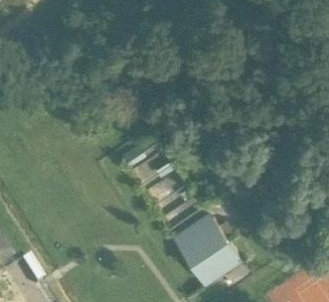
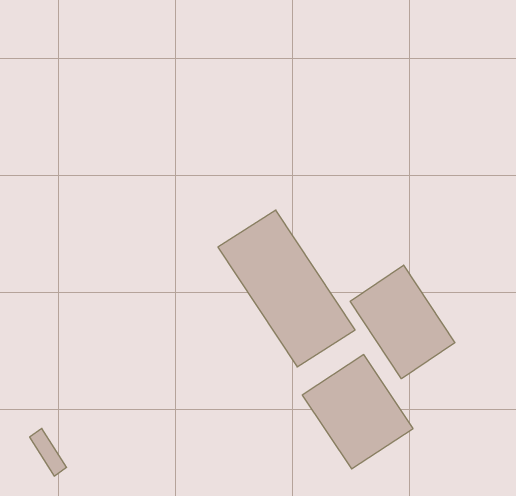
building: none -> [350,265,455,379]

